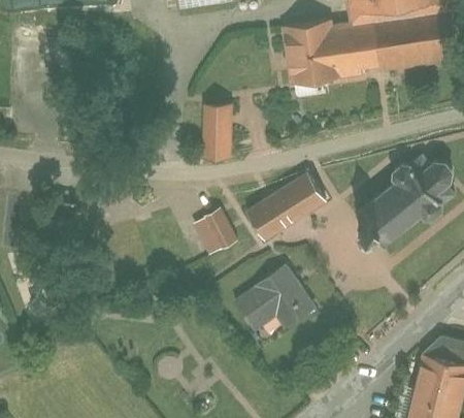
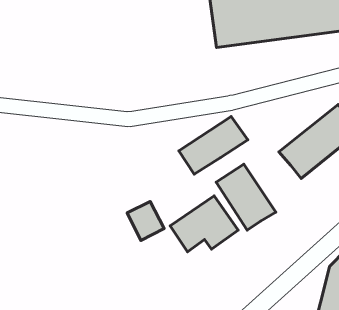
building: [201,102,232,157] -> none
building: [193,208,237,255] -> [127,202,164,240]
building: none -> [216,164,276,230]

